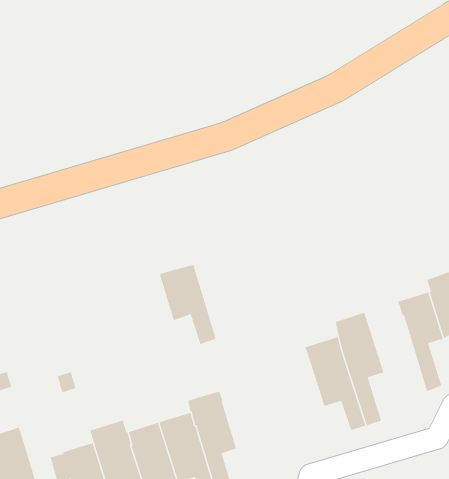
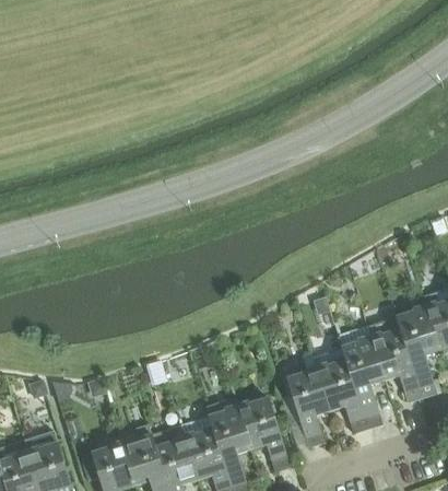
building: [159,264,217,345] -> [237,399,290,472]
building: none -> [366,317,422,404]
building: none -> [286,353,329,448]

